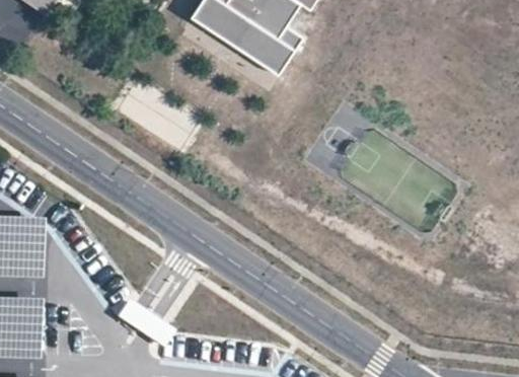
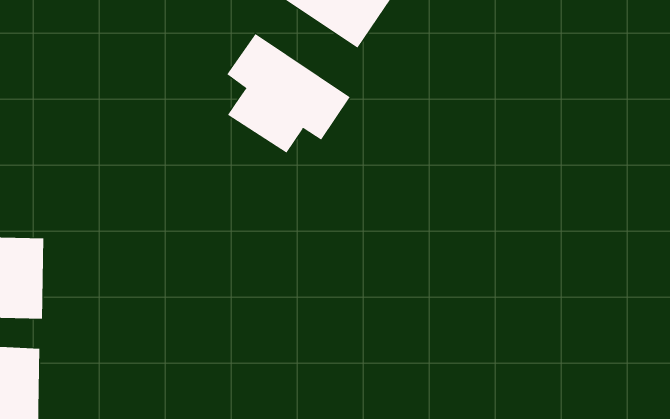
building: none -> [227,33,350,153]

